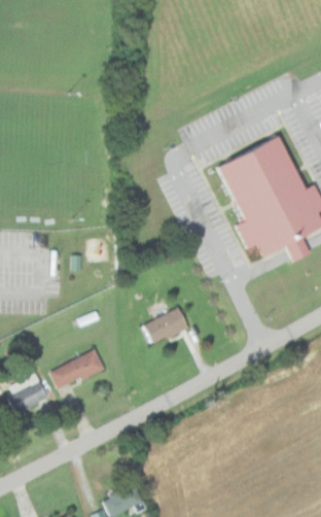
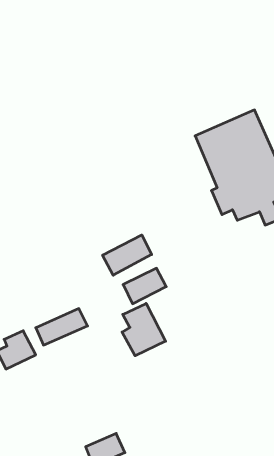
building: none -> [103,235,152,275]
building: none -> [122,303,166,356]

